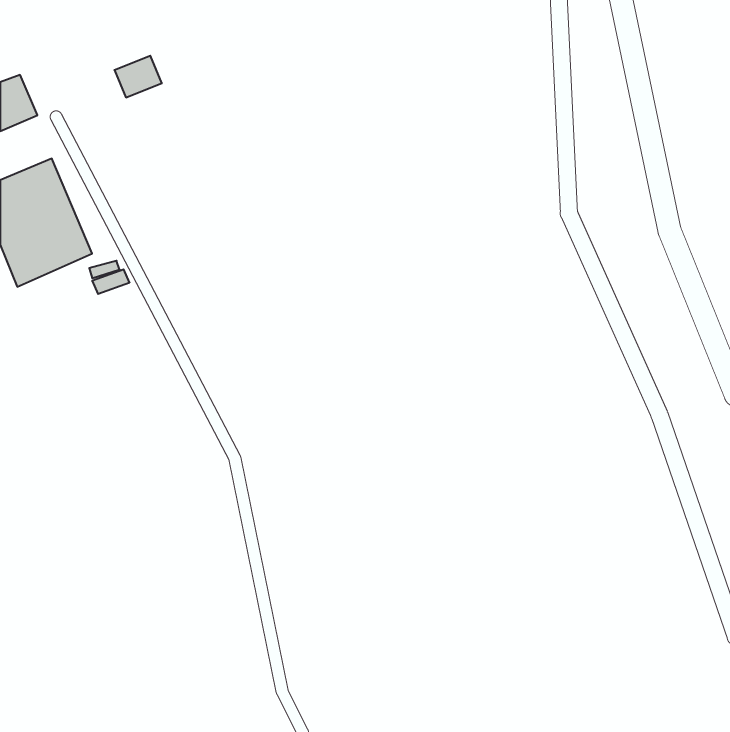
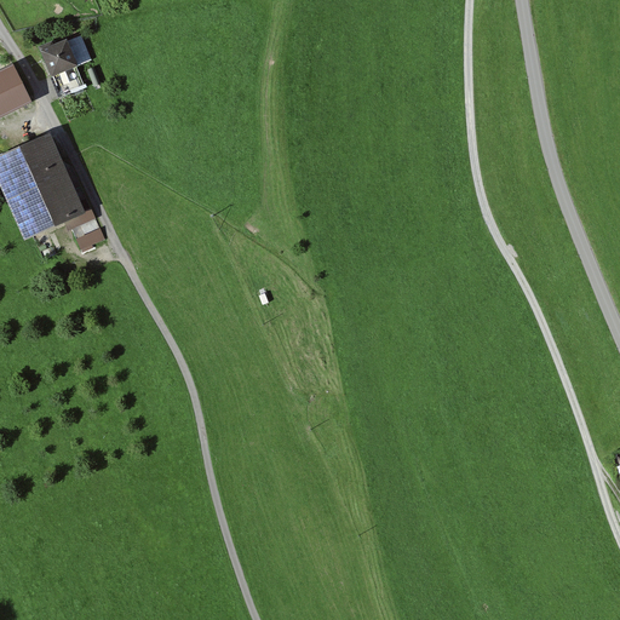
building: [114,56,162,97] -> [36,40,76,75]

